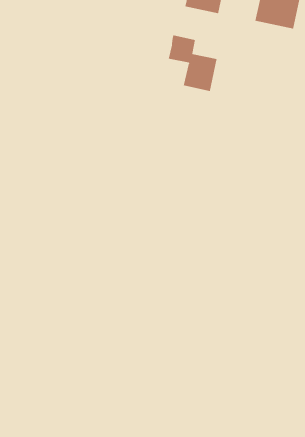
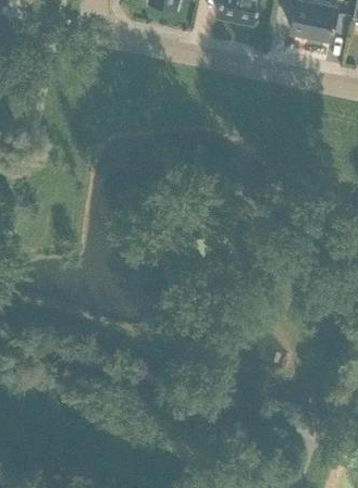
building: [168,35,217,92] -> none

